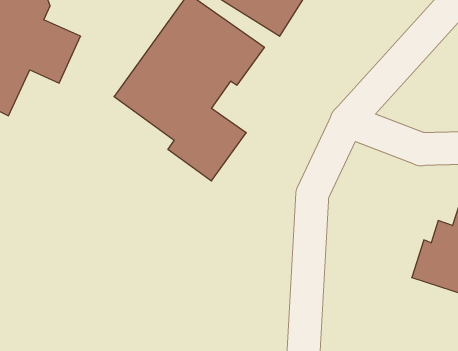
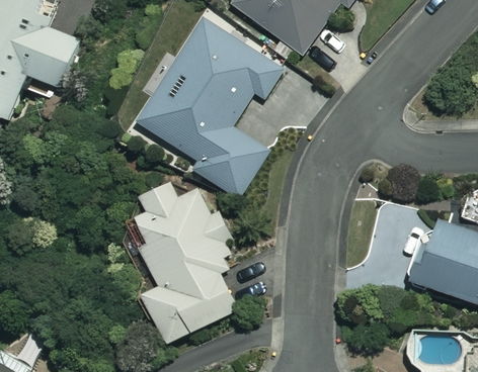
building: none -> [145,188,244,347]

